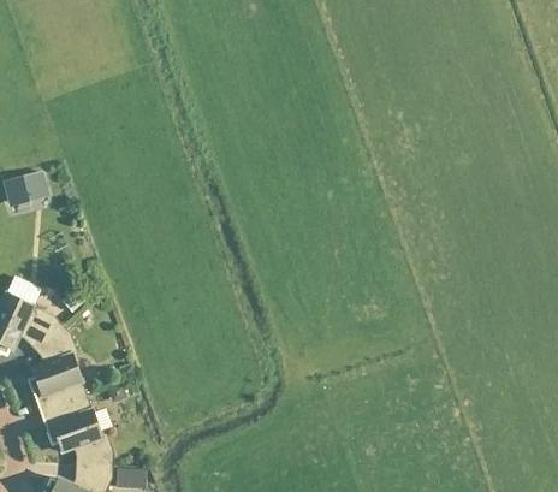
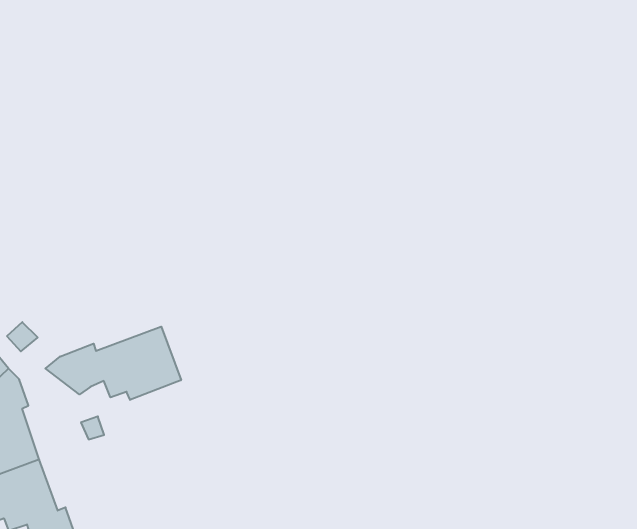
building: none -> [45,327,181,400]

